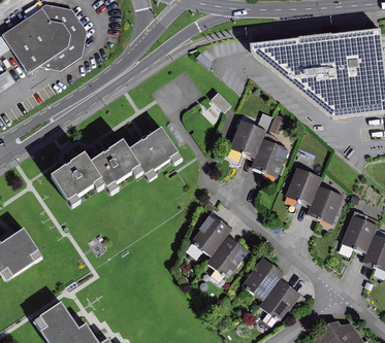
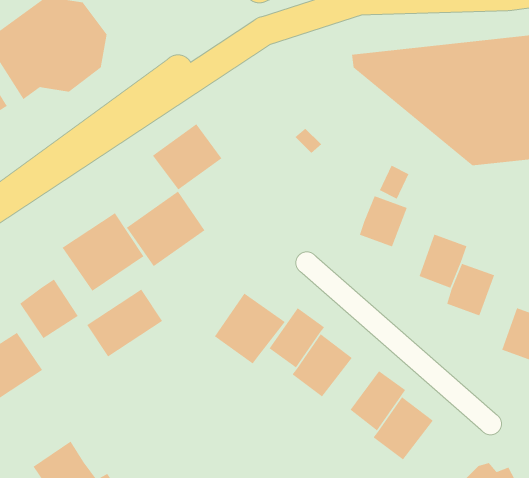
building: [232,119,265,157] -> none
building: [137,124,185,169] -> [152,123,222,191]
building: none -> [19,279,79,339]
building: none -> [86,289,163,357]
building: none -> [214,293,286,364]

